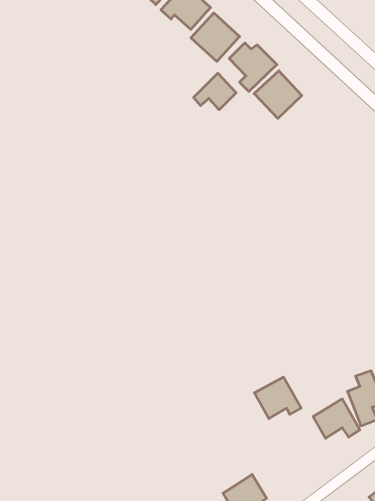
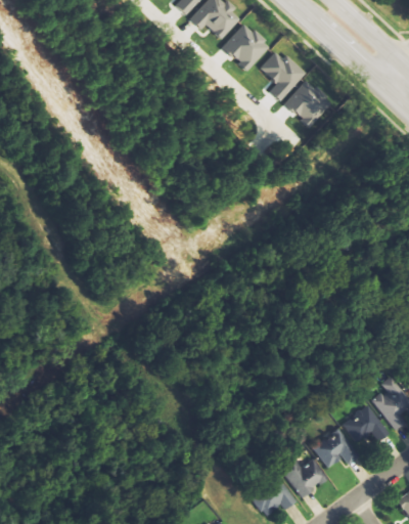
building: [194,73,236,110] -> none
building: [254,377,301,419] -> [311,428,357,469]
building: none -> [283,453,326,497]

